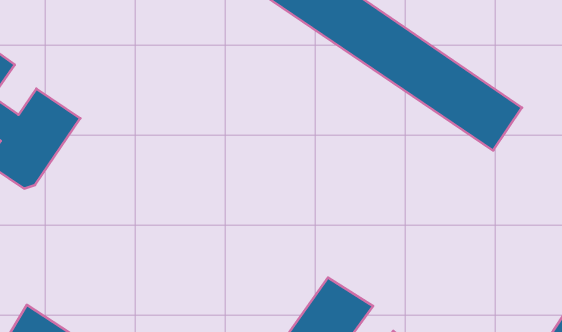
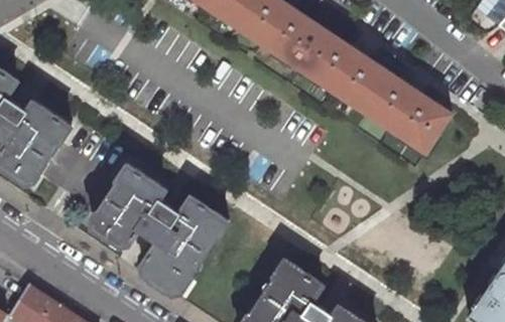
building: none -> [93,164,230,300]

